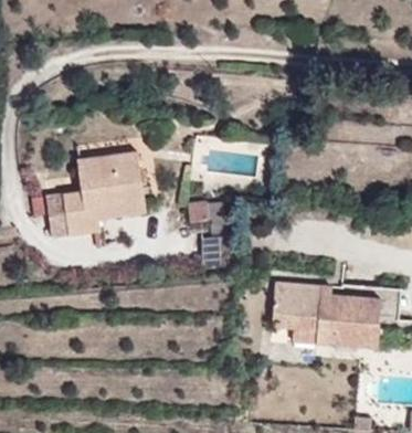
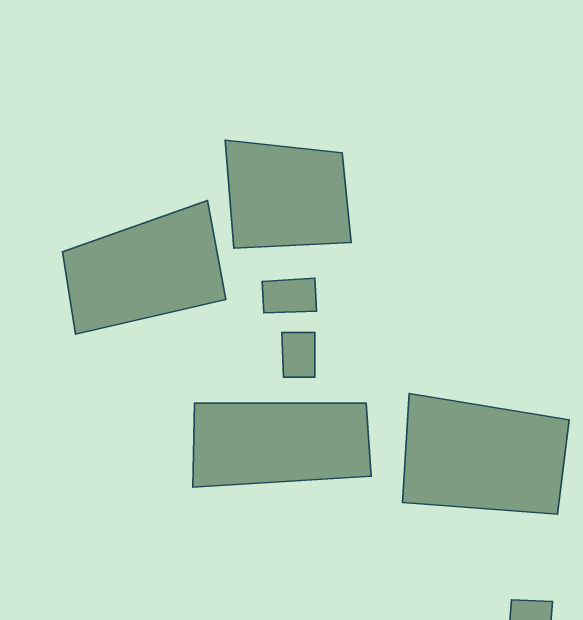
building: none -> [225,140,351,248]
building: none -> [193,403,371,487]

